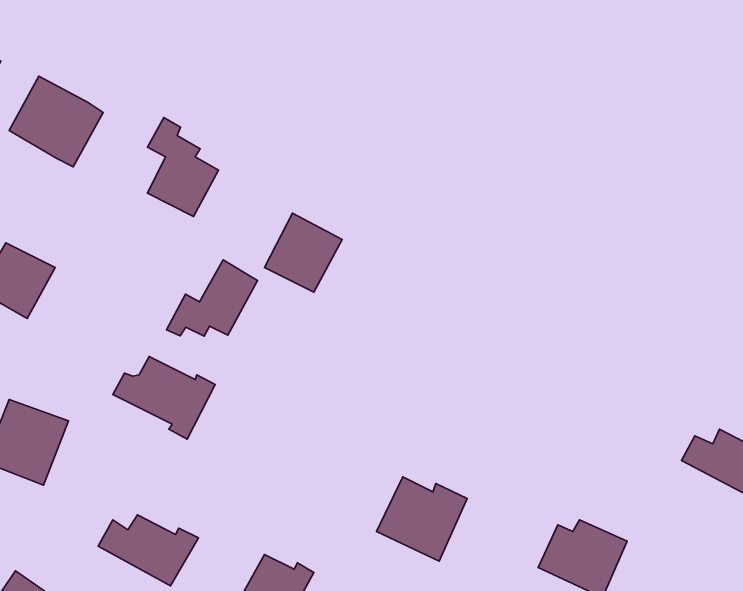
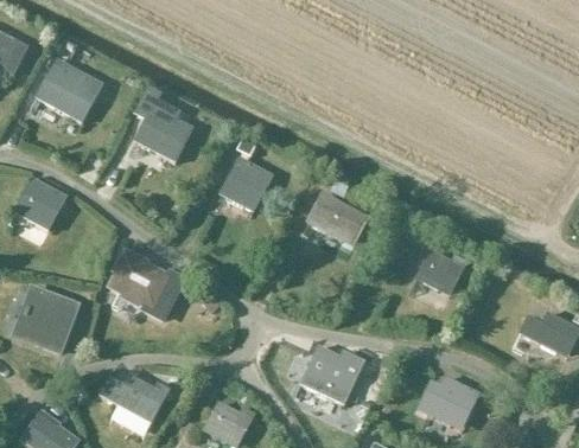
building: [166,260,258,336] -> none
building: none -> [298,192,369,260]
building: none -> [415,249,467,296]

